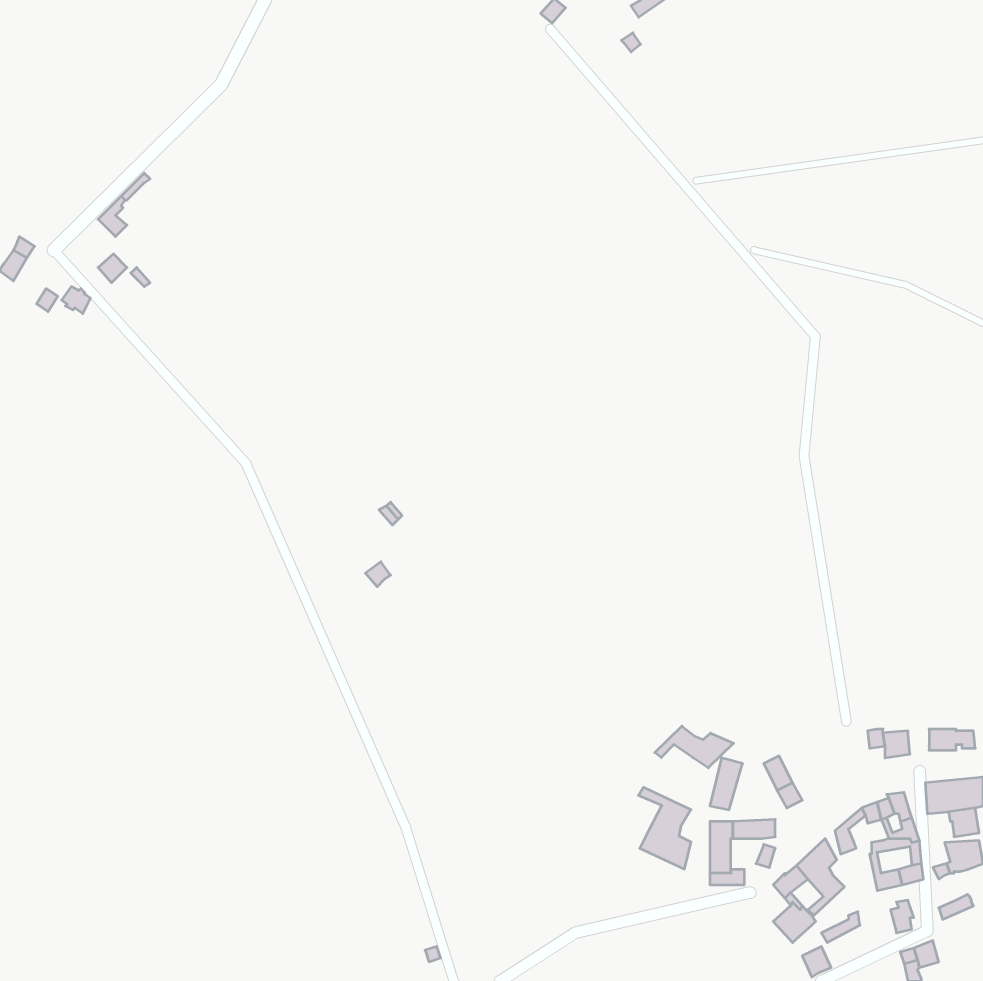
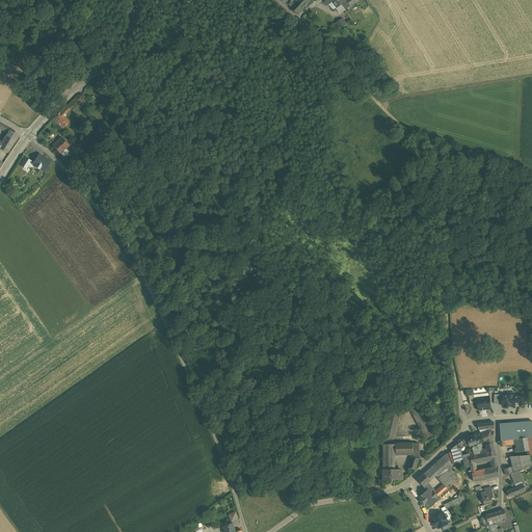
building: [655,726,734,768] -> none
building: [638,787,691,869] -> none

